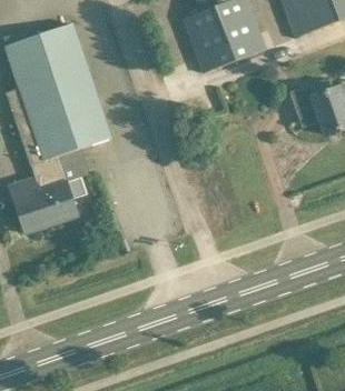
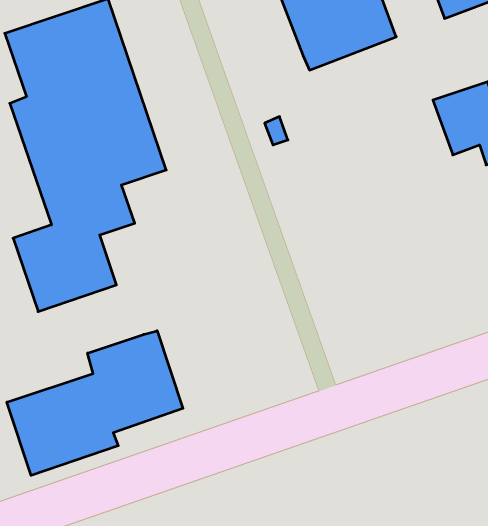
building: none -> [7,331,183,475]

